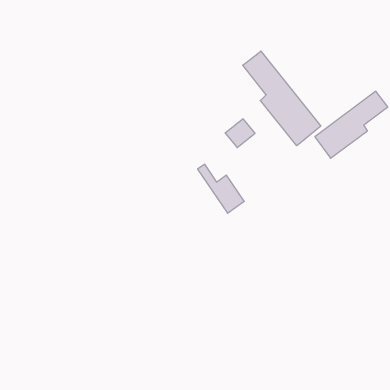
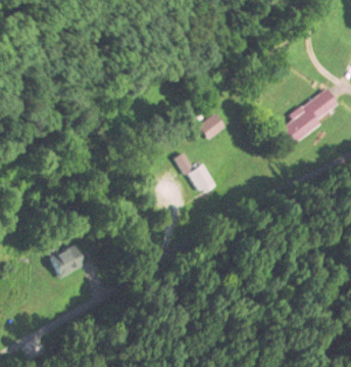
building: [243,51,321,146] -> none
building: none -> [48,243,83,277]

